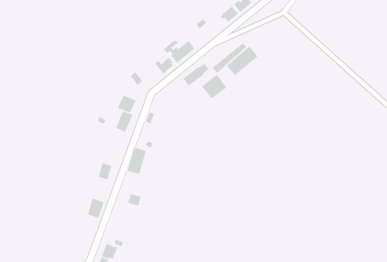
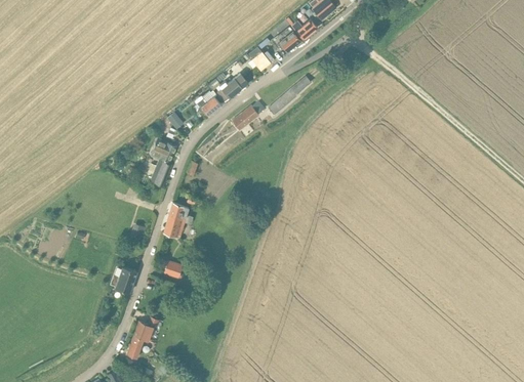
building: [226,45,258,76] -> none
building: [201,74,227,99] -> none

